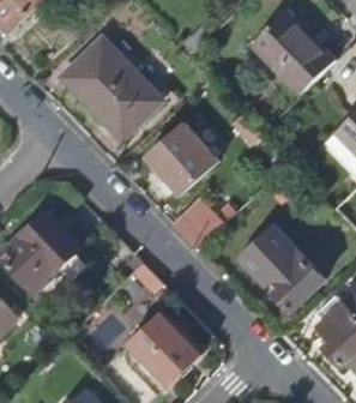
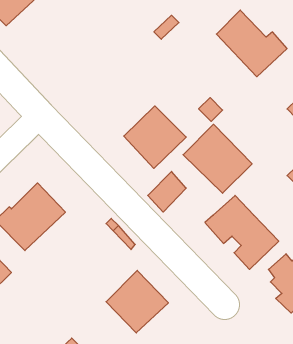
building: [62,43,162,145] -> none
building: none -> [183,124,252,193]

